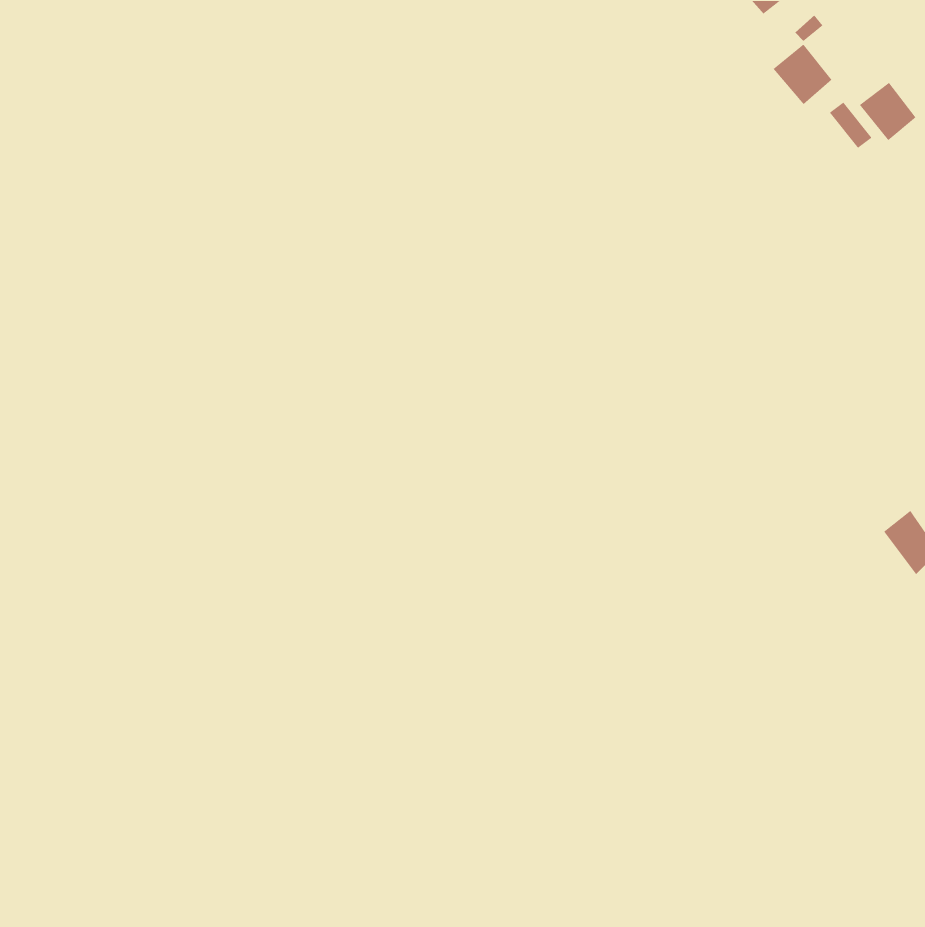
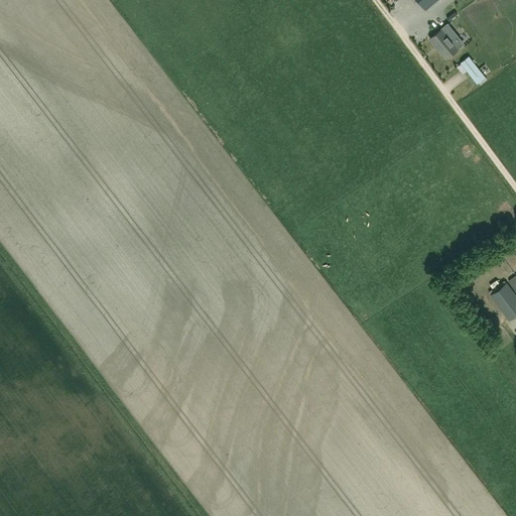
building: [859,82,917,141] -> none

